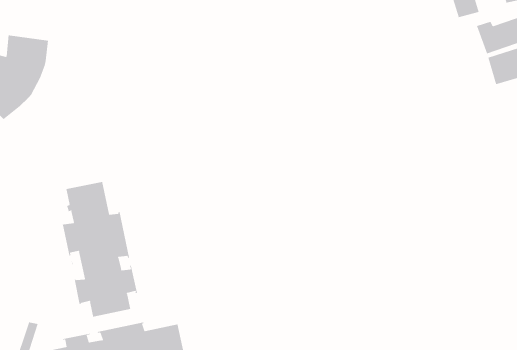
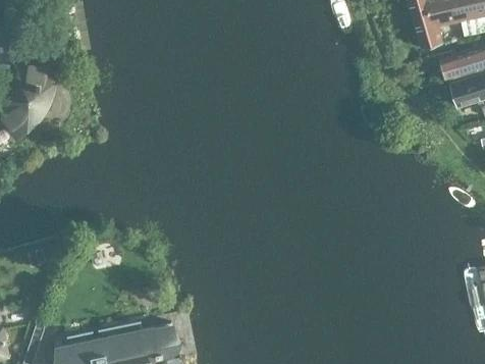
building: [62,181,138,317] -> none

